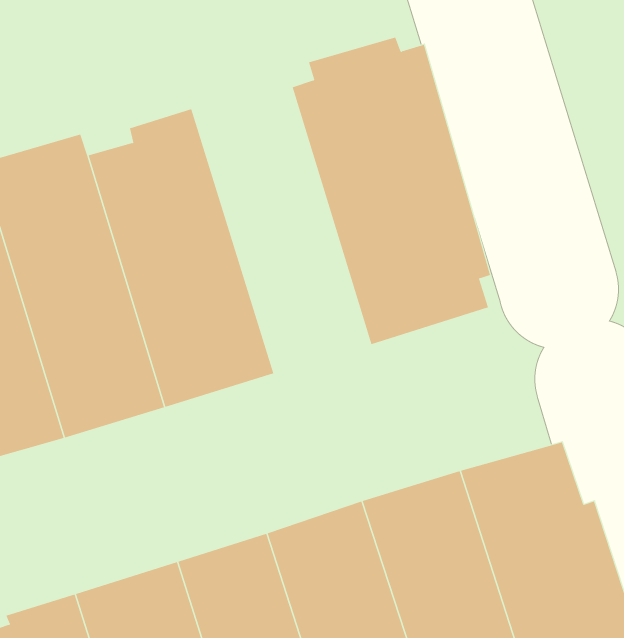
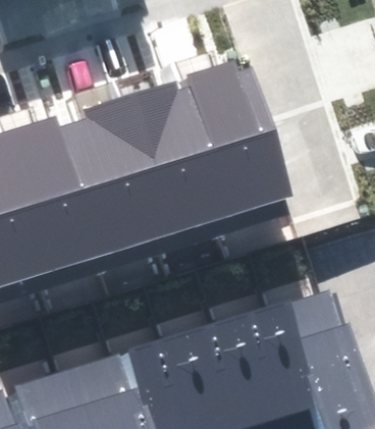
building: none -> [119,79,221,248]

